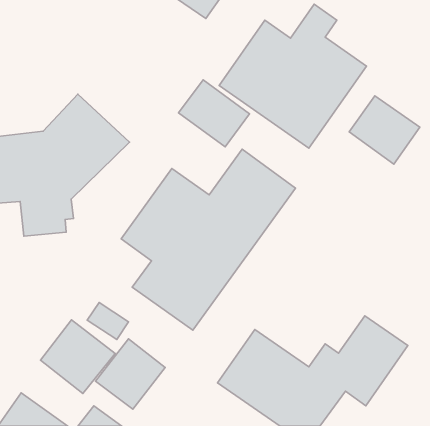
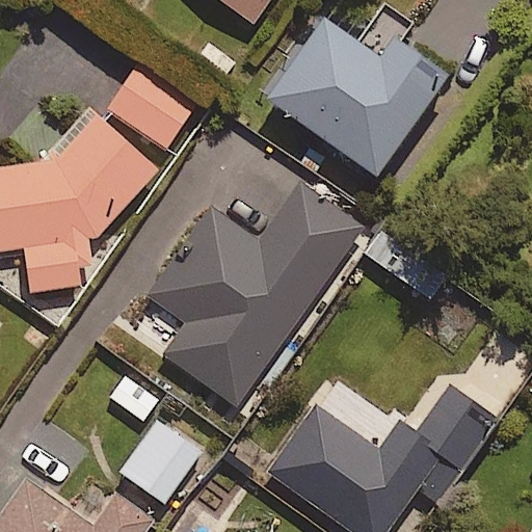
building: [179,80,250,147] -> [107,65,194,148]
building: [349,96,420,164] -> none
building: [40,320,115,393] -> none

